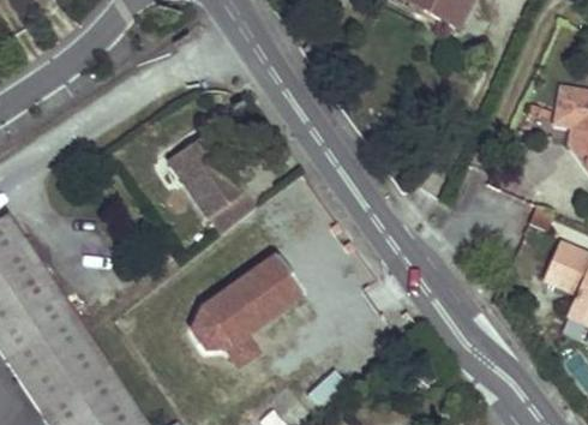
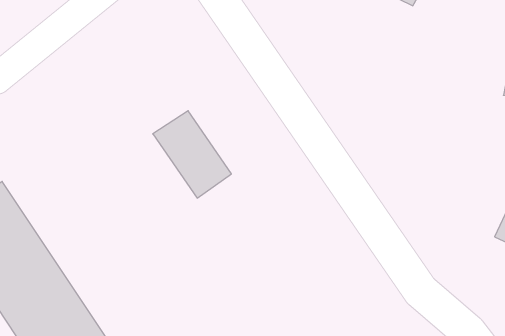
building: [190,261,300,366] -> none

